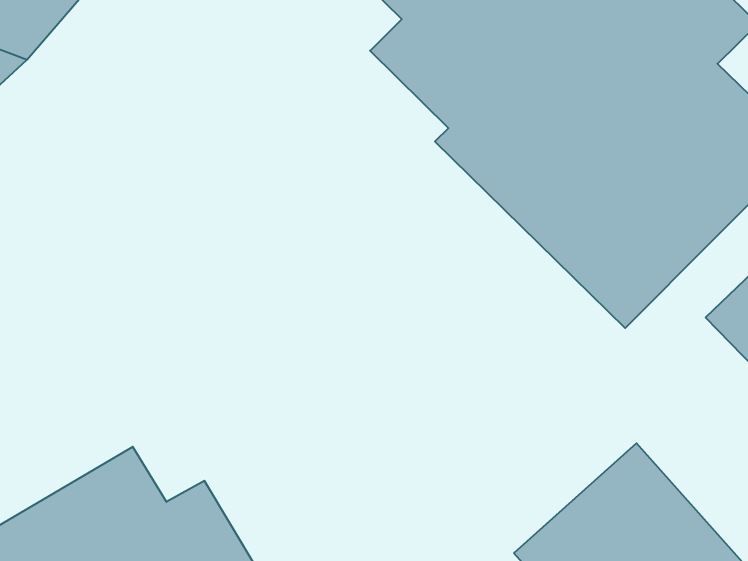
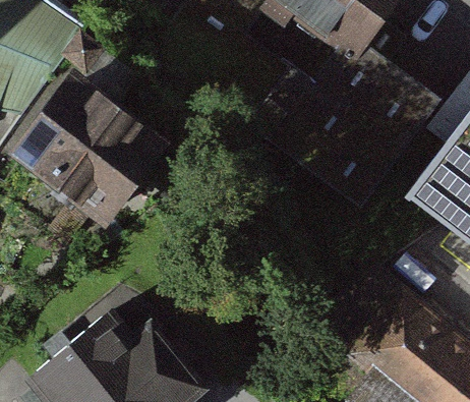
building: none -> [28,81,159,210]

